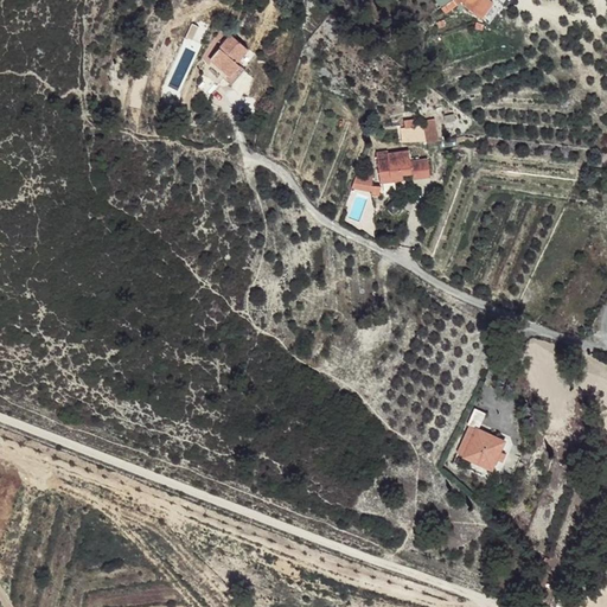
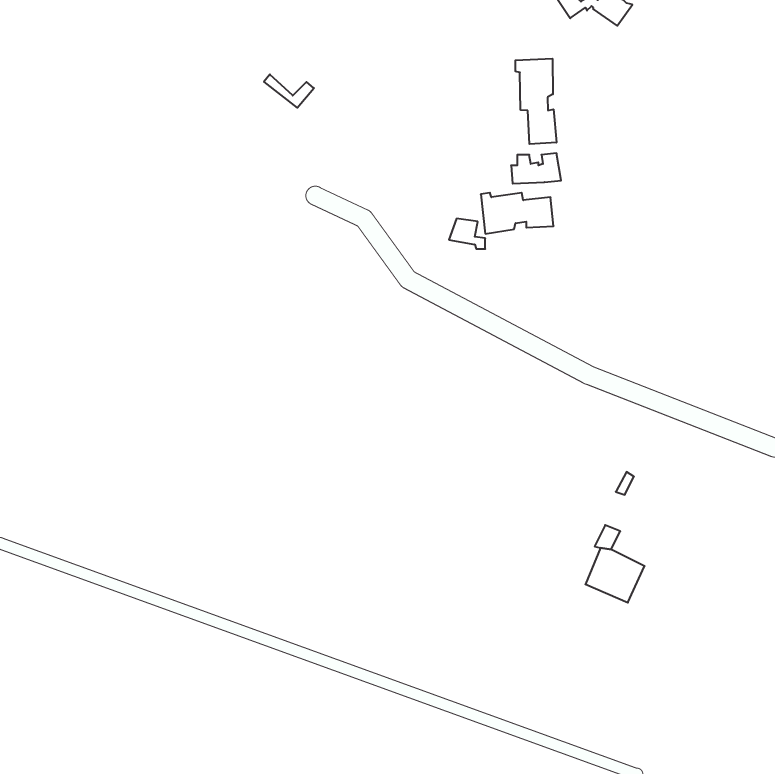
building: [211,34,247,75] -> none
building: none -> [515,59,556,144]

